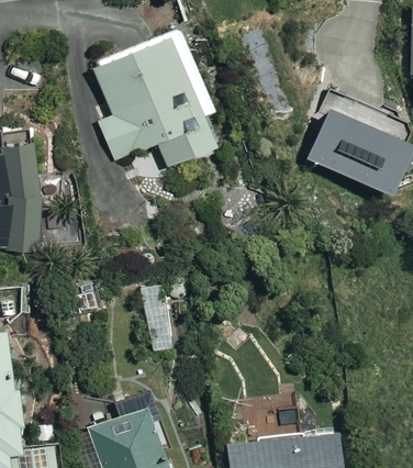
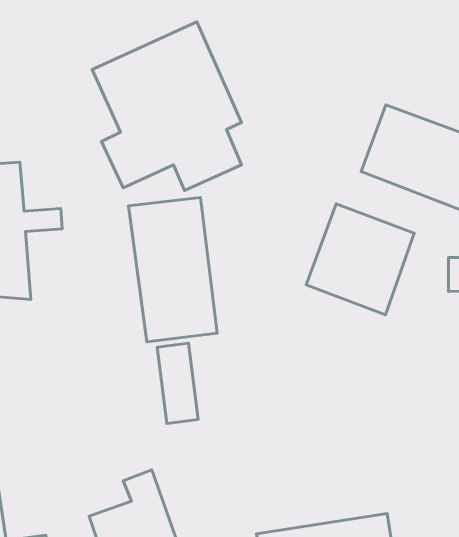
building: none -> [128,198,217,342]
building: none -> [306,204,414,315]

